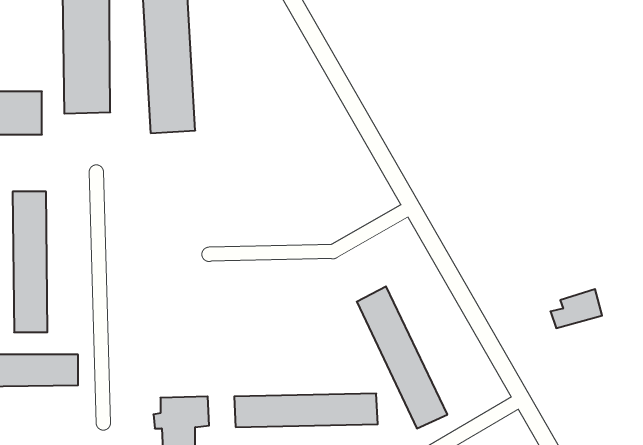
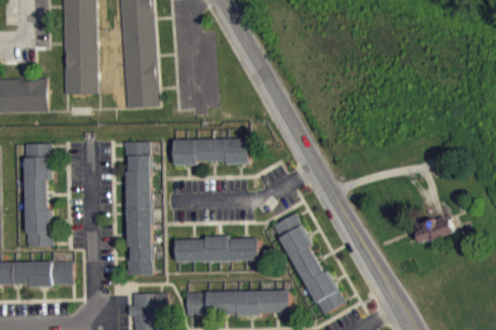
building: none -> [173,139,248,164]
building: none -> [123,142,151,275]
building: none -> [175,238,258,261]

